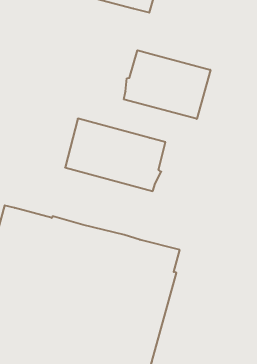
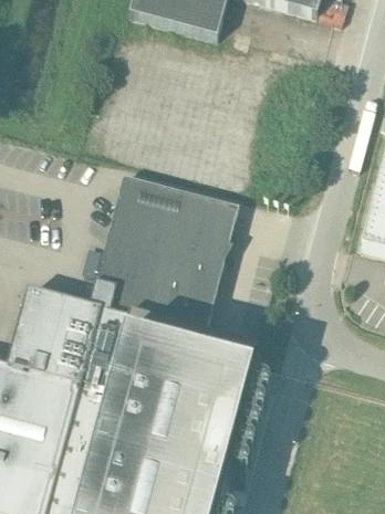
building: [124,50,210,119] -> none
building: none -> [90,239,221,334]

